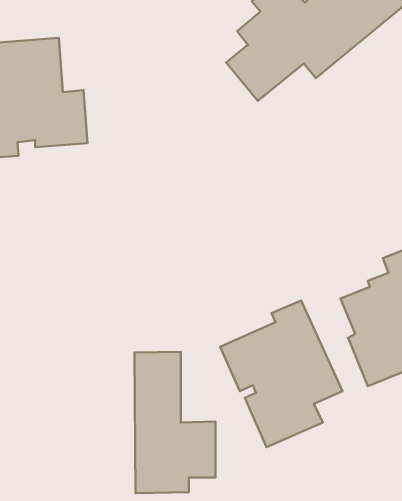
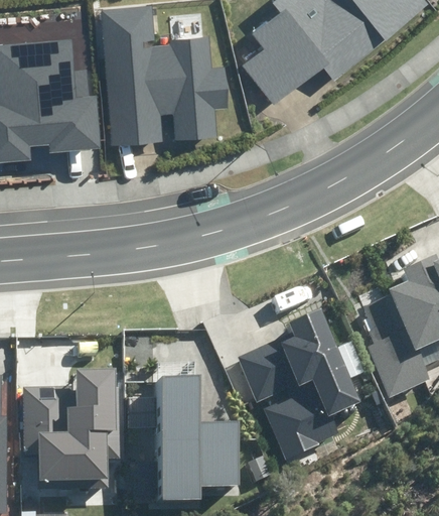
building: none -> [100,5,228,145]
building: none -> [24,370,116,488]

